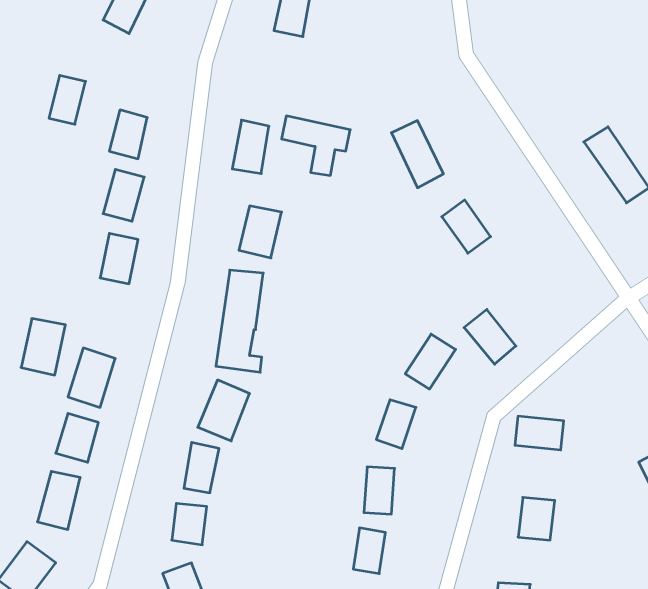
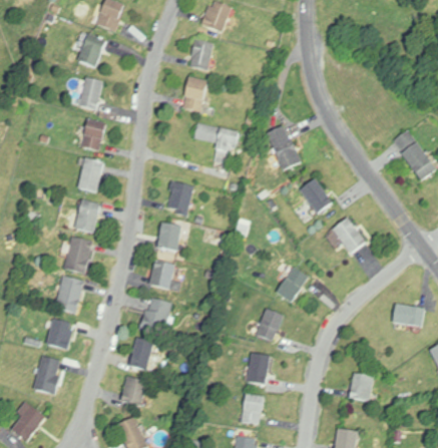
building: [49,75,86,124] -> [79,77,103,109]
building: [232,120,269,174] -> [182,76,206,111]
building: [464,309,516,364] -> [332,216,366,253]
building: [21,319,65,375] -> [64,236,93,273]
building: [515,416,564,450] -> [393,304,425,326]

